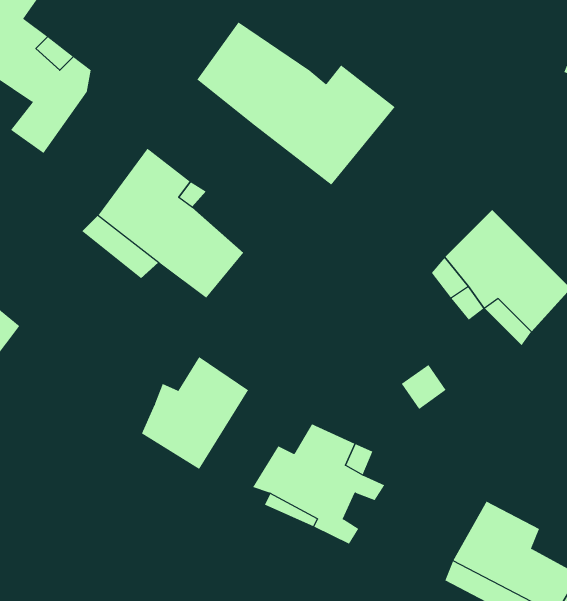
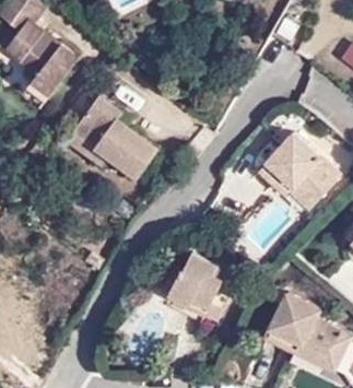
building: [197,22,395,185] -> none
building: [141,356,249,470] -> none

